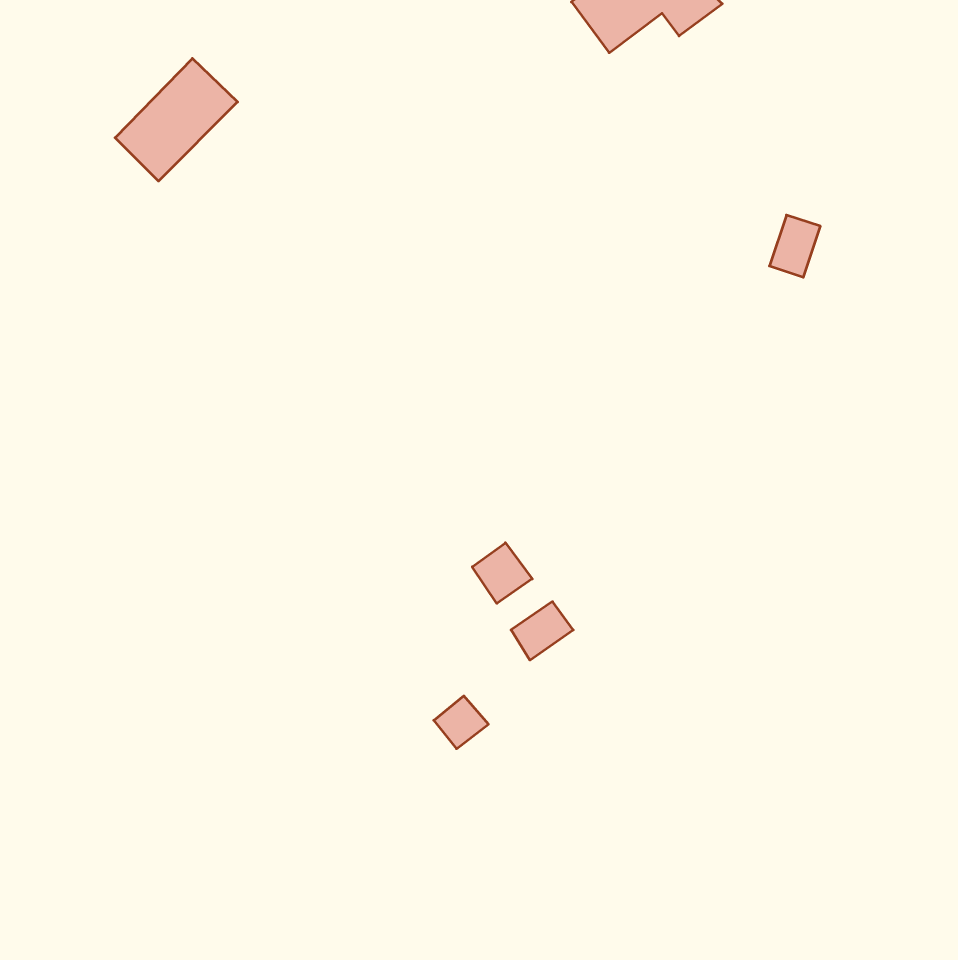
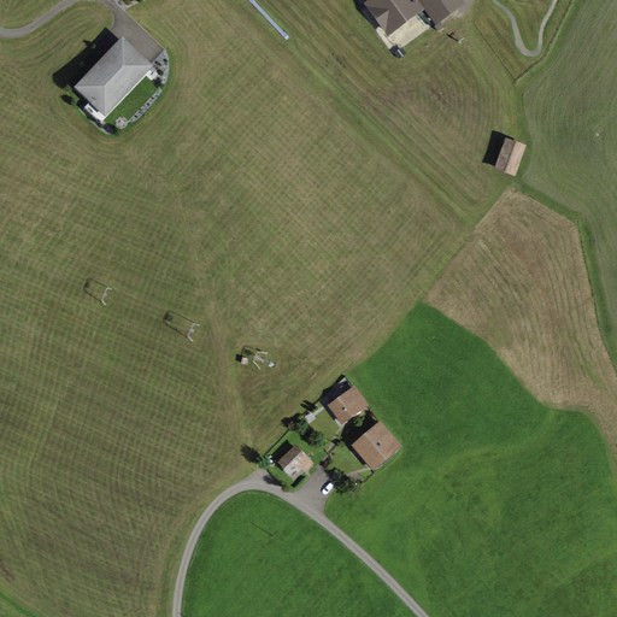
building: [472,543,532,603] -> none
building: none -> [353,419,402,468]

